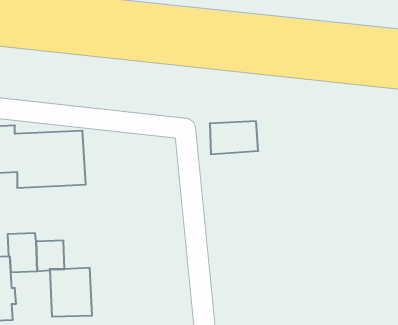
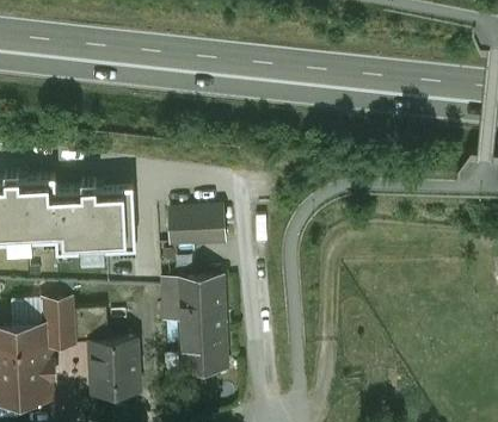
building: [210,121,258,154] -> [170,210,225,247]
building: none -> [162,280,226,371]

